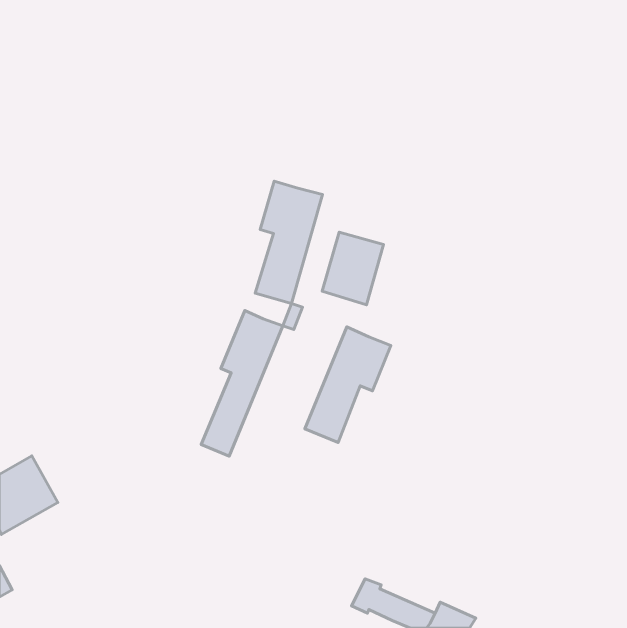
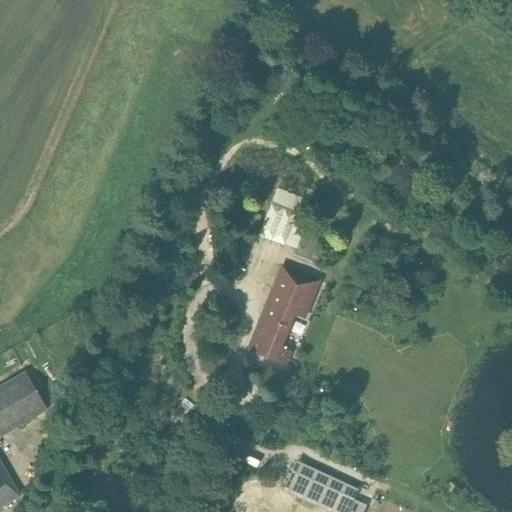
building: [255,181,323,304] -> none
building: [201,311,283,456] -> none

